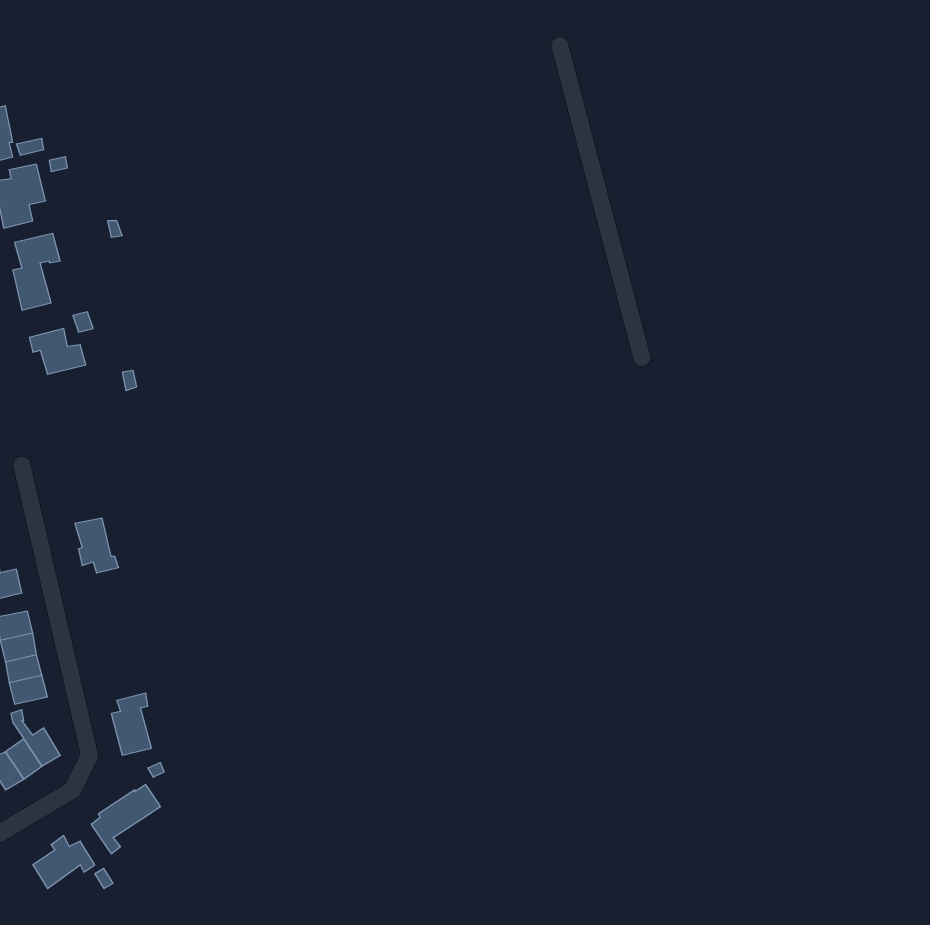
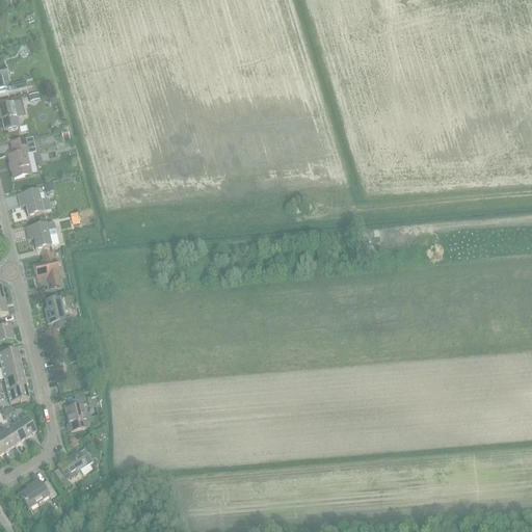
building: none -> [24,219,56,246]
building: none -> [32,249,60,286]

